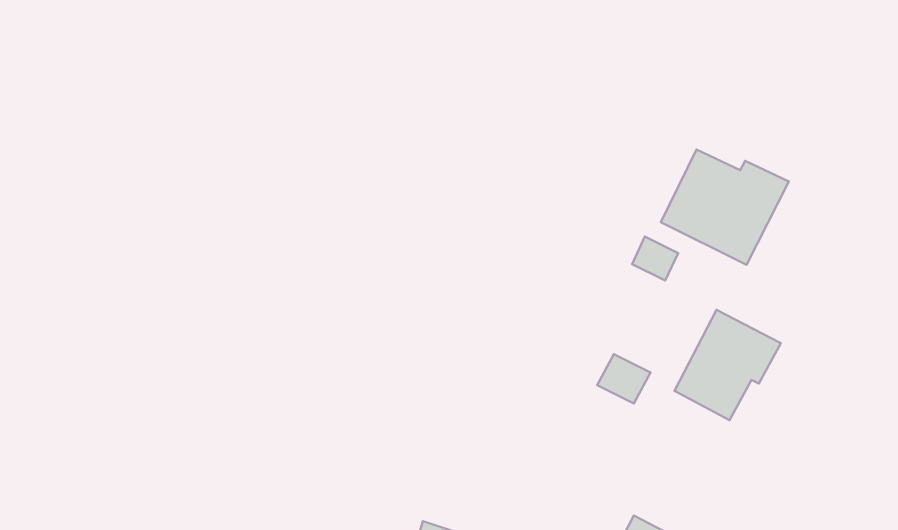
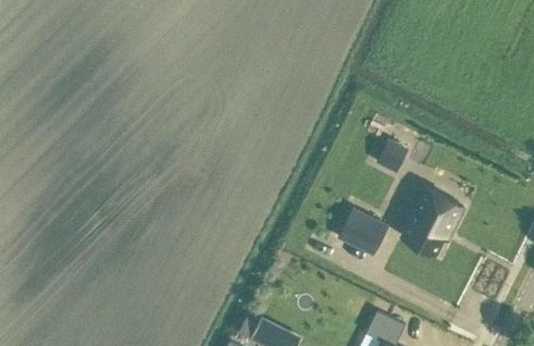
building: [661,150,789,265] -> none

